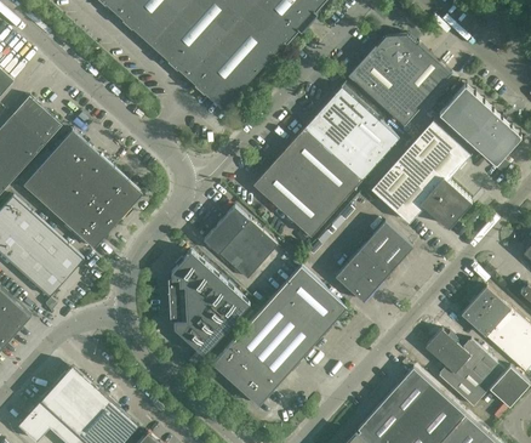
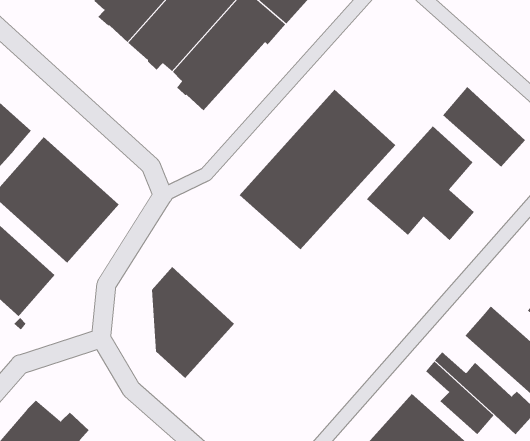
building: [348,33,450,125] -> none
building: [204,206,276,278] -> none
building: [335,221,412,301] -> none
building: [212,266,346,405] -> none

